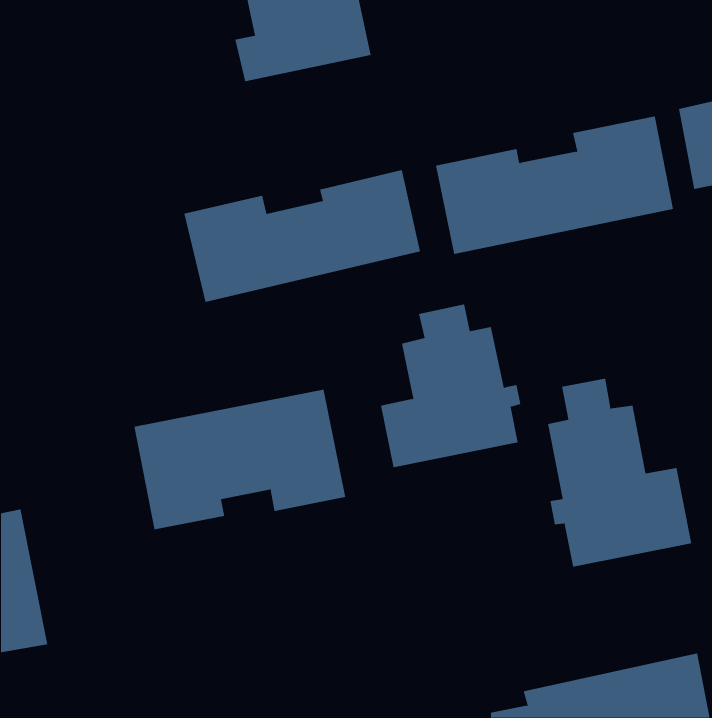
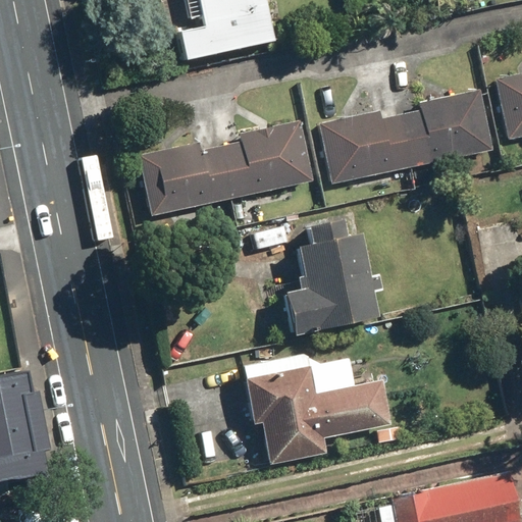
building: [548,378,692,568] -> none
building: [134,389,346,530] -> none
building: none -> [244,361,389,465]

